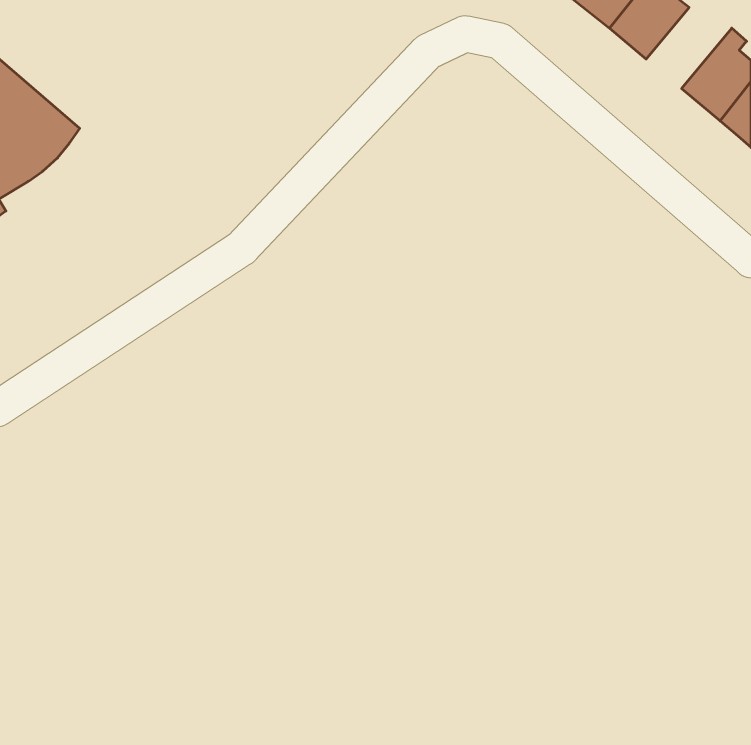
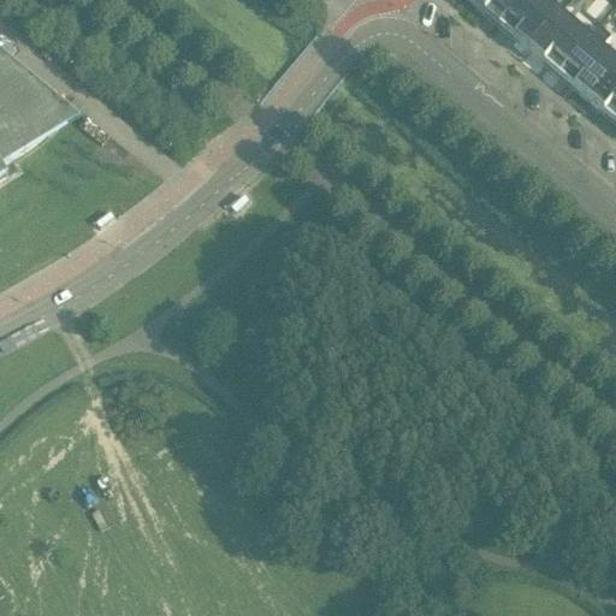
building: none -> [527,6,591,72]

